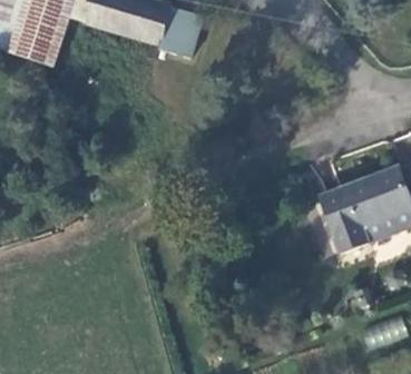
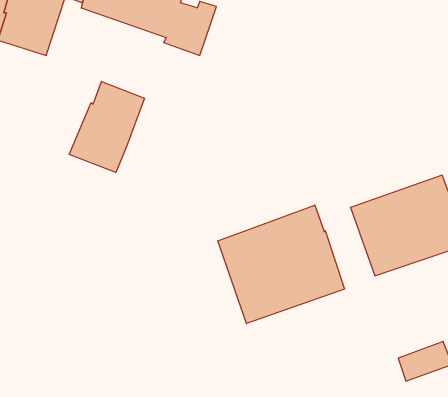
building: none -> [69,81,145,172]
building: none -> [218,205,344,324]

